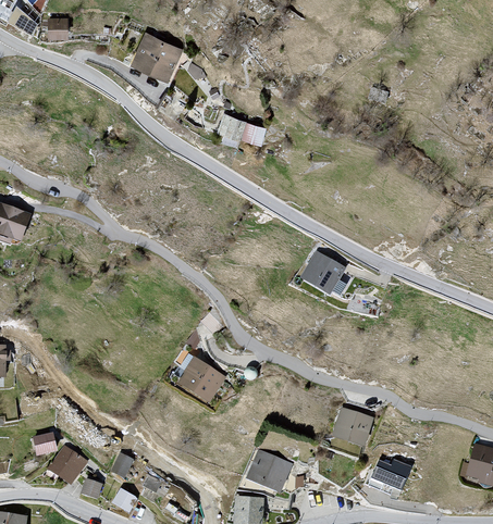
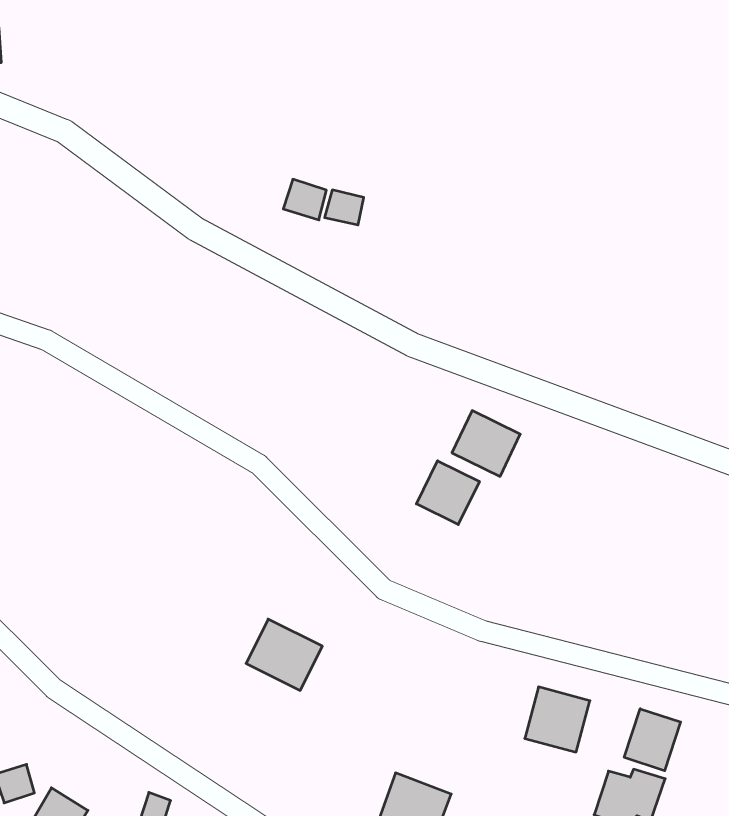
building: [134,34,180,78] -> none
building: none -> [416,461,479,525]
building: none -> [624,709,681,771]

